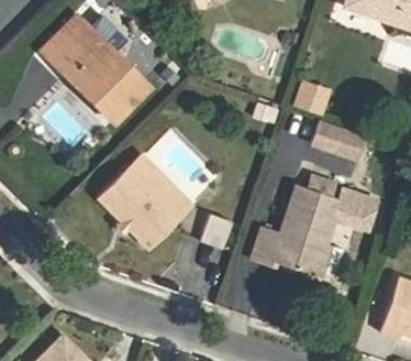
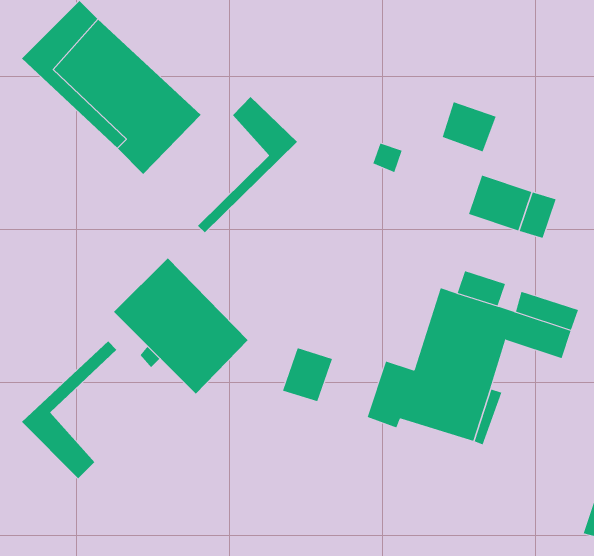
building: none -> [197,96,298,233]
building: none -> [21,341,117,479]

